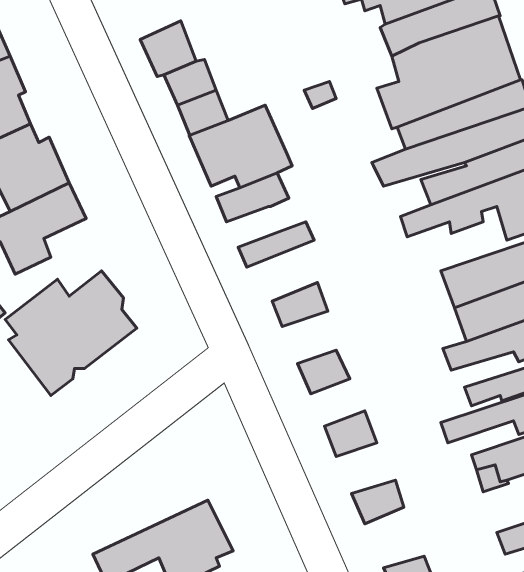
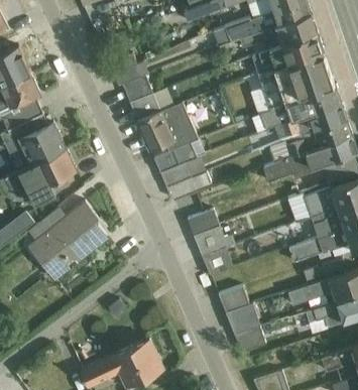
building: none -> [160,159,205,187]
building: none -> [194,226,229,257]
building: none -> [226,303,261,335]

